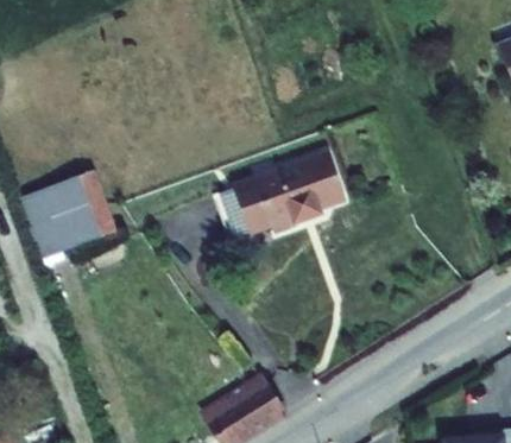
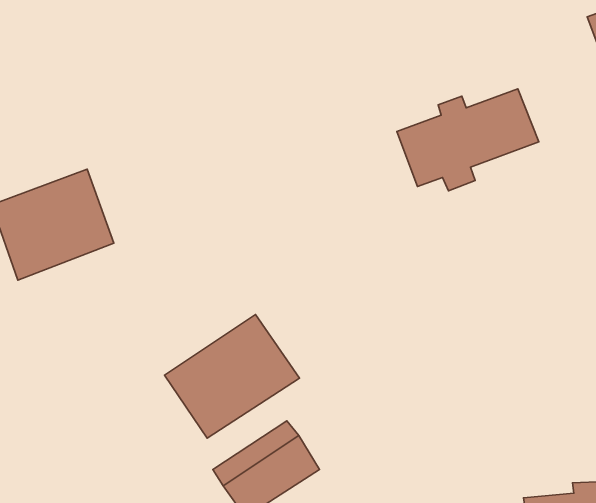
building: [229,154,343,236] -> [397,89,539,191]
building: none -> [164,314,300,438]

